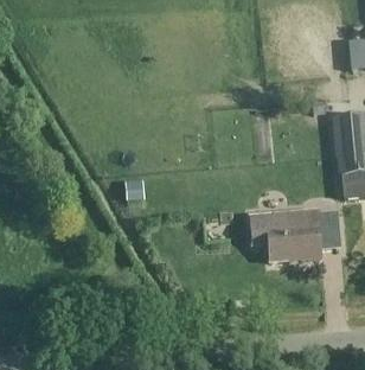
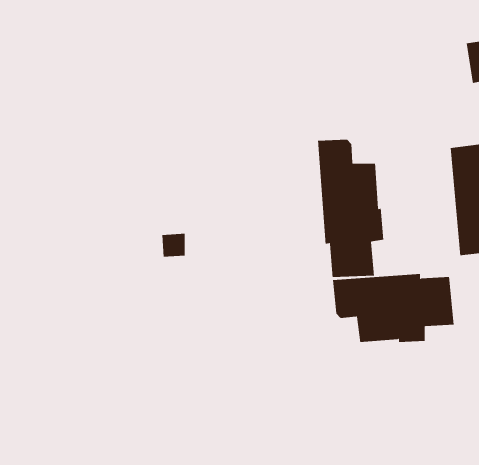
building: none -> [318,139,384,278]

